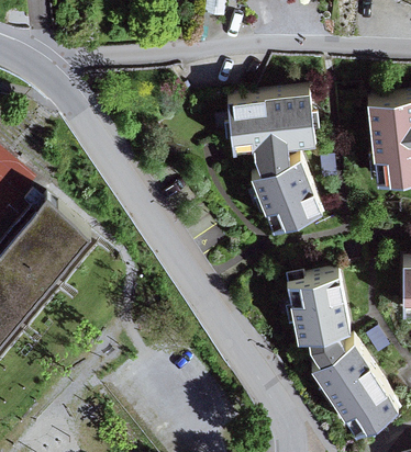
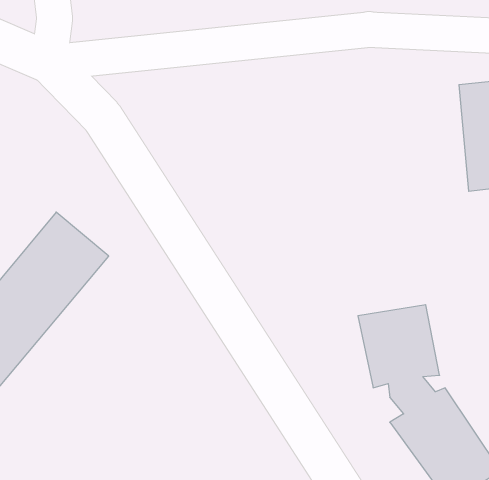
building: [229,92,322,231] -> none

